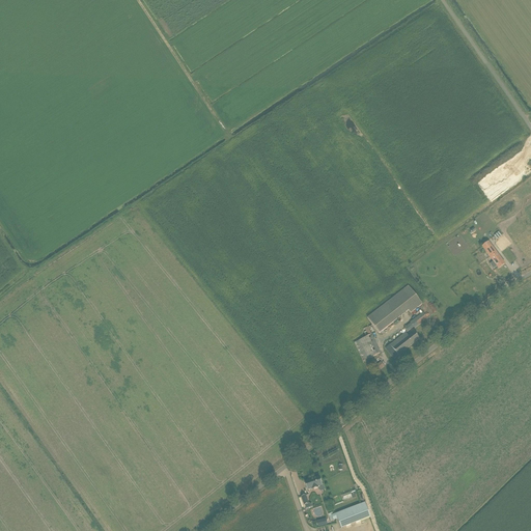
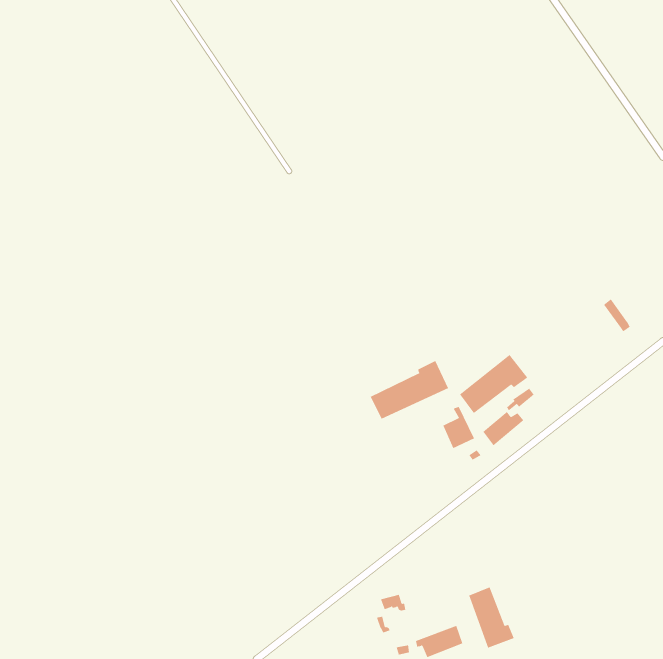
building: none -> [370,360,449,420]
building: none -> [468,586,514,649]

